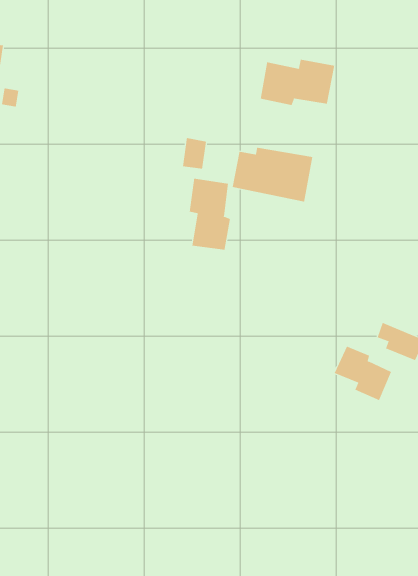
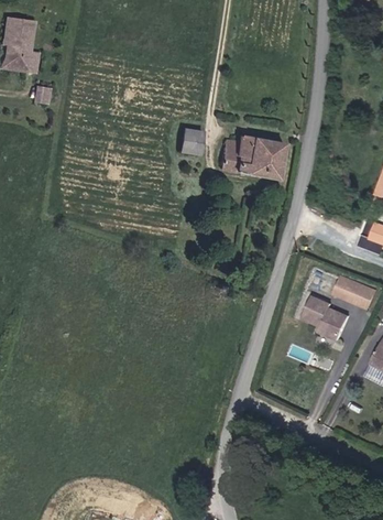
building: [260,59,335,106] -> none
building: [189,178,230,251] -> none

